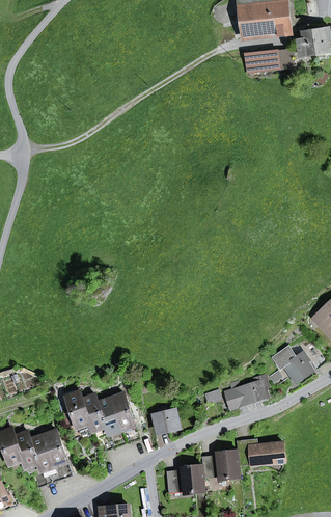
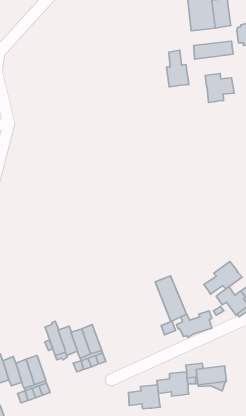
building: none -> [166,50,189,87]
building: none -> [205,73,234,102]
building: none -> [204,261,242,294]
building: none -> [155,276,187,321]
building: [151,403,177,430] -> none

